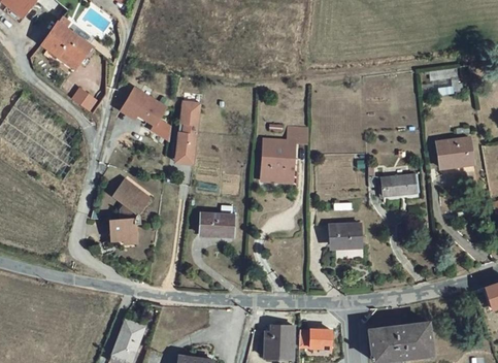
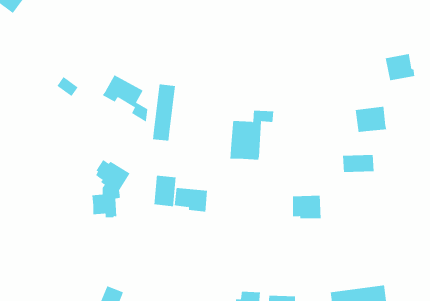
building: [41,27,90,67] -> none
building: [438,138,473,167] -> [355,106,387,132]
building: none -> [154,175,176,207]

